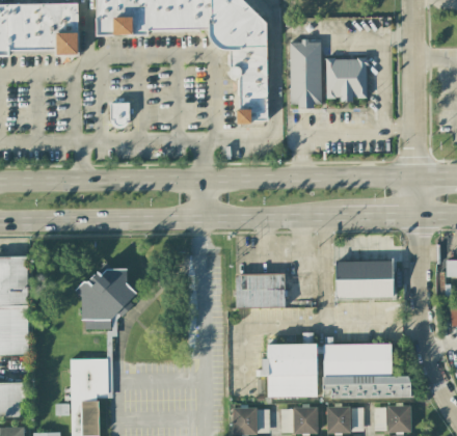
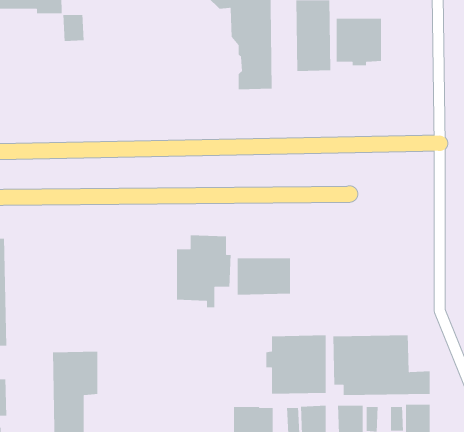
building: [110,102,130,127] -> [63,14,84,42]
building: [335,261,393,298] -> none
building: [81,269,131,335] -> [176,235,231,308]

